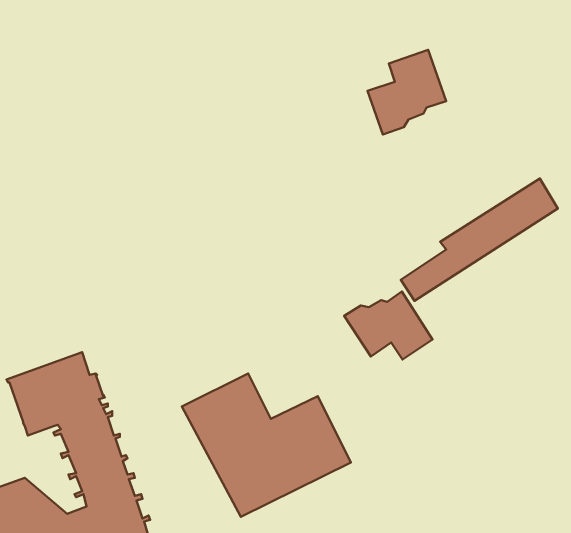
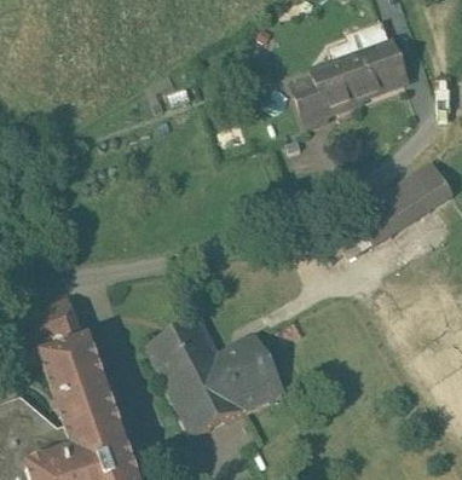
building: none -> [346,45,409,103]
building: [344,292,433,359] -> none

